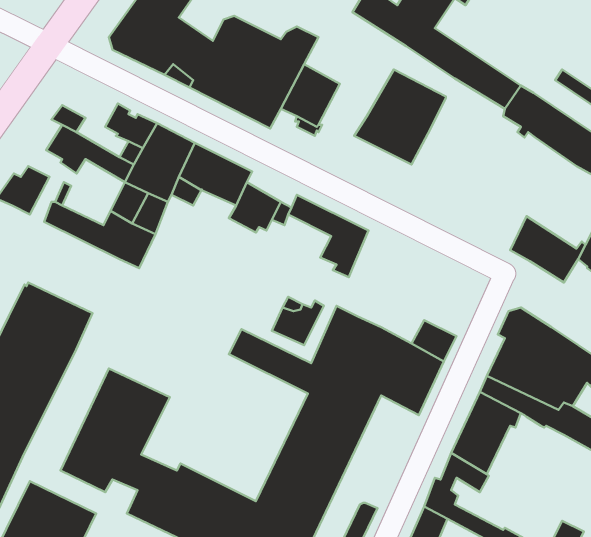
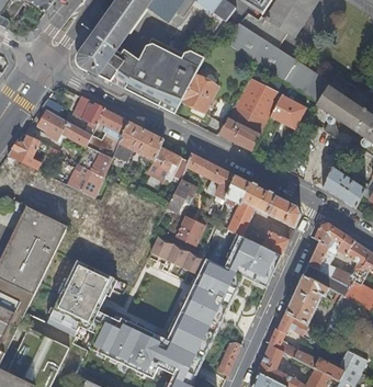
building: none -> [271,94,306,128]
building: none -> [218,117,261,149]
building: none -> [225,175,299,235]
building: none -> [167,179,197,212]

